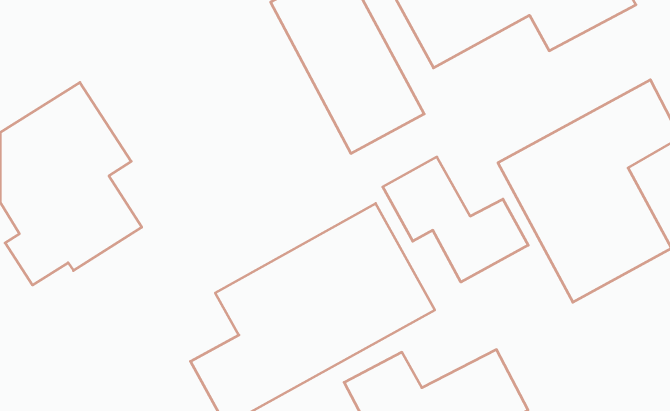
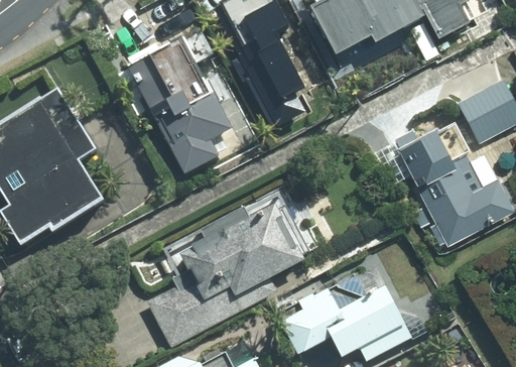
building: none -> [125,24,250,178]
building: [383,157,528,282] -> none

